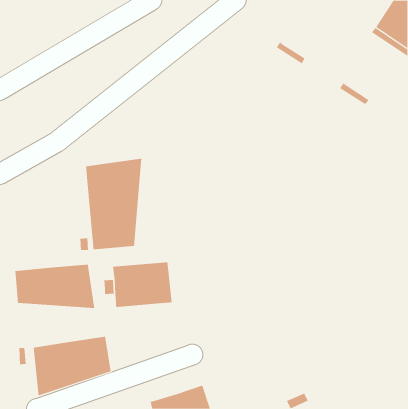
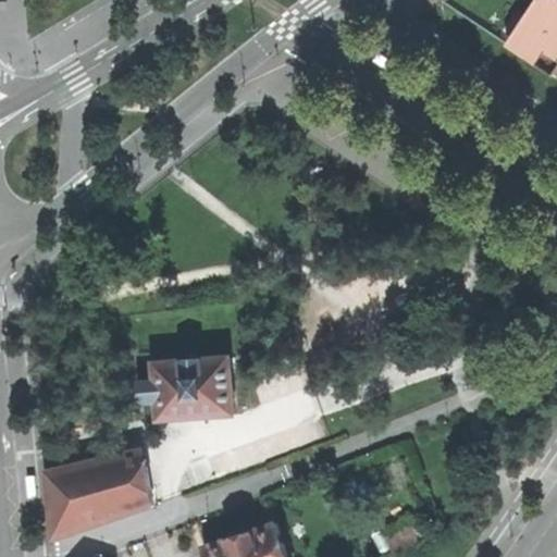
building: [86,158,142,250] -> none
building: [15,264,95,309] -> none

